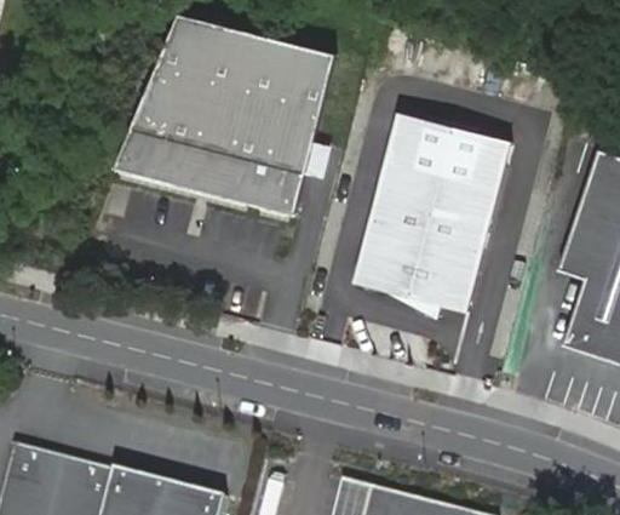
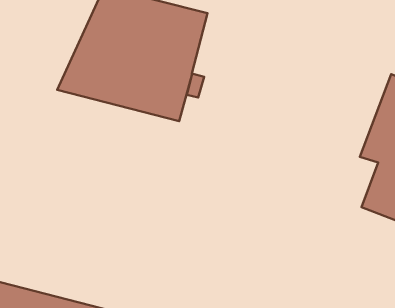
building: [356,118,512,321] -> none

